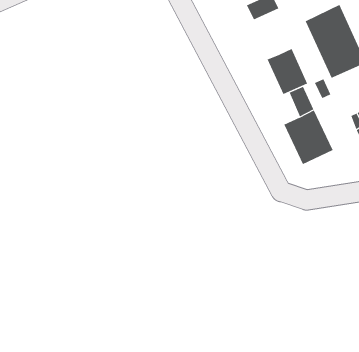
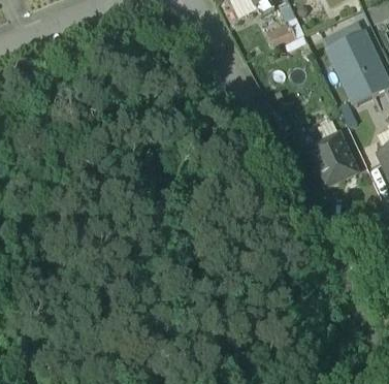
building: [267,48,308,95] -> none

